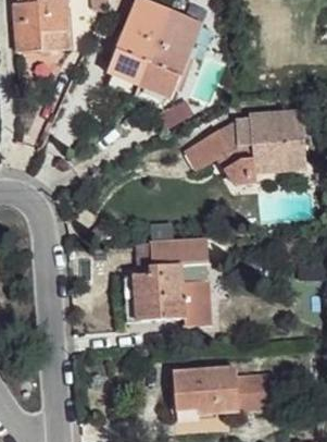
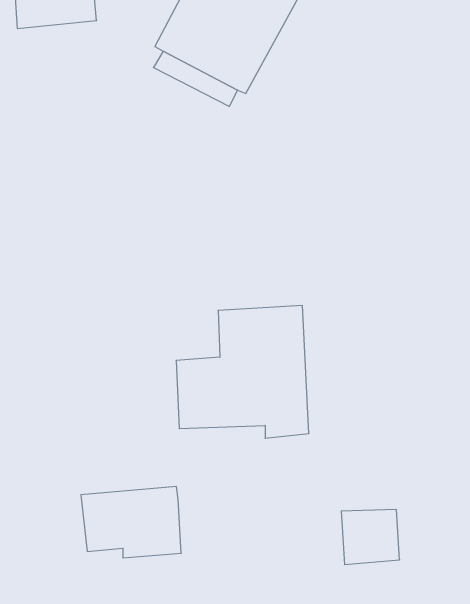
building: [183,109,305,185] -> none
building: [168,367,236,415] -> [81,487,181,558]

